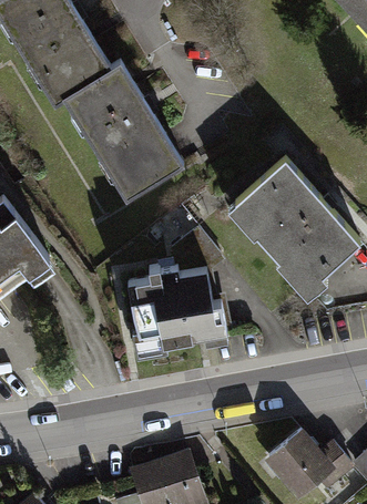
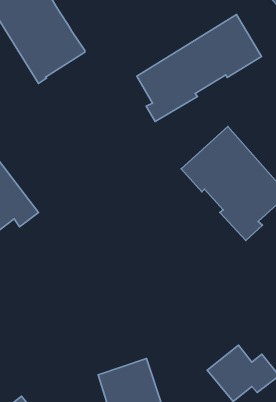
building: none -> [137,14,261,122]
building: [62,62,184,203] -> none
building: [126,267,228,362] -> none

